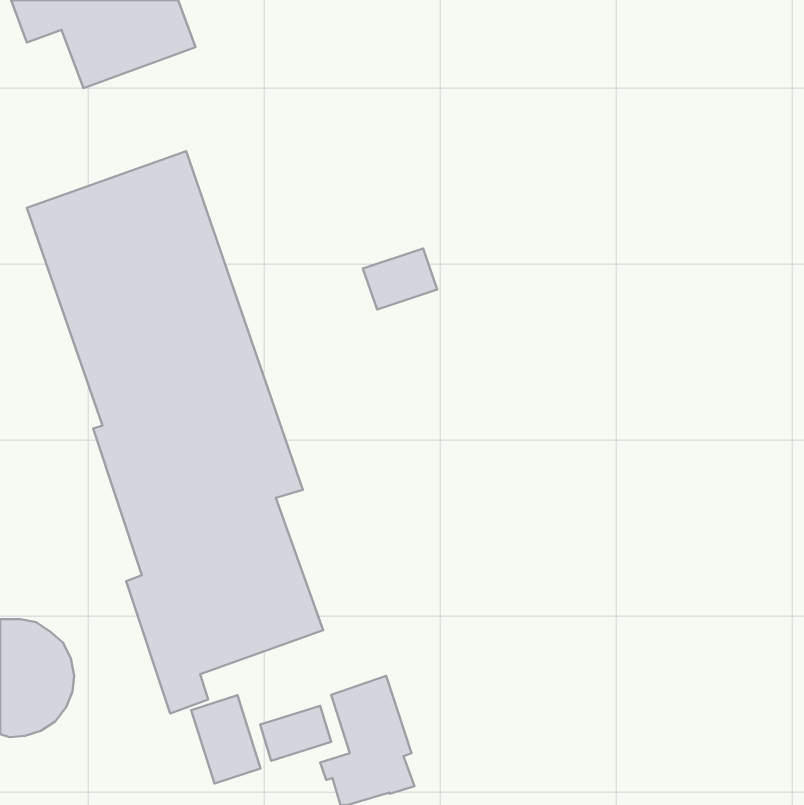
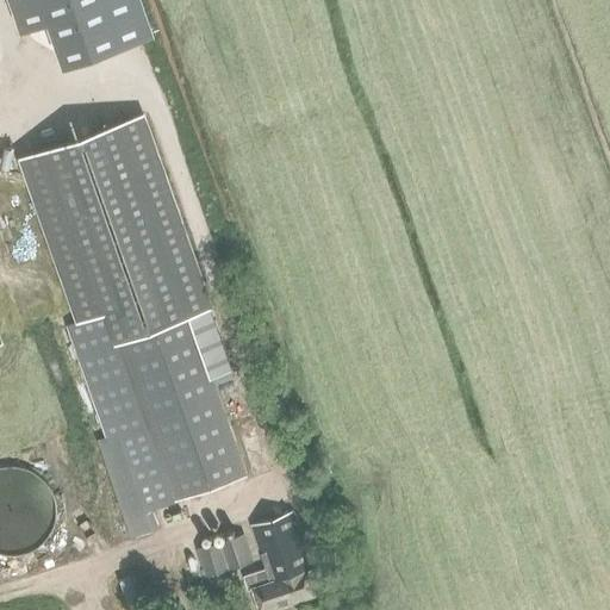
building: [363,249,437,309] -> none
building: [191,695,261,783] -> none

